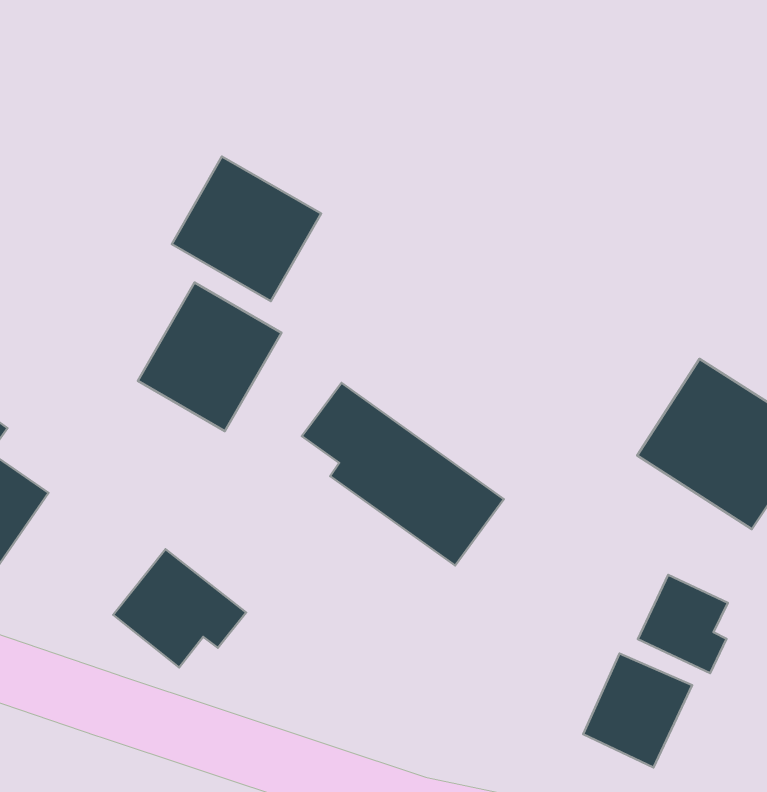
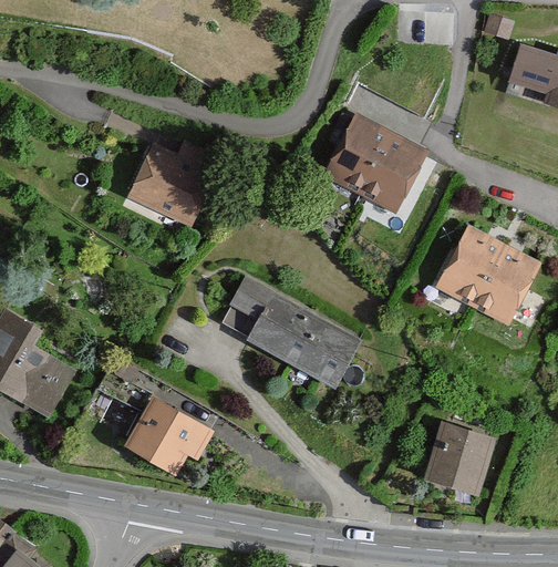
building: none -> [324,117,428,217]
building: [138,282,281,431] -> none
building: [638,575,728,673] -> none

